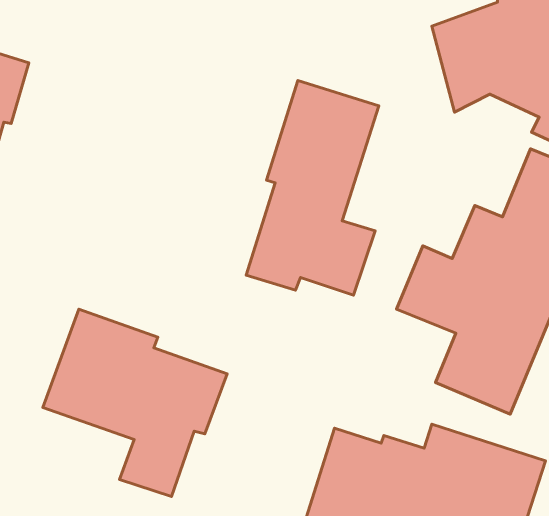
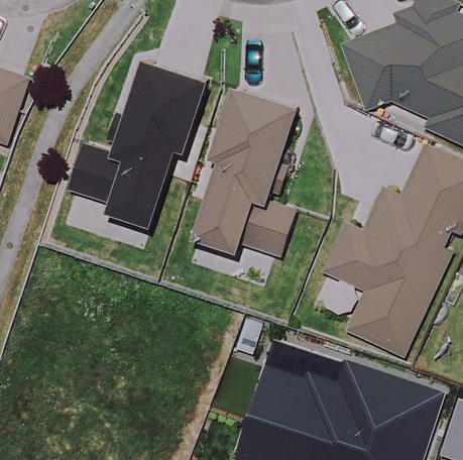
building: none -> [70,61,204,232]
building: [43,309,227,496] -> none

